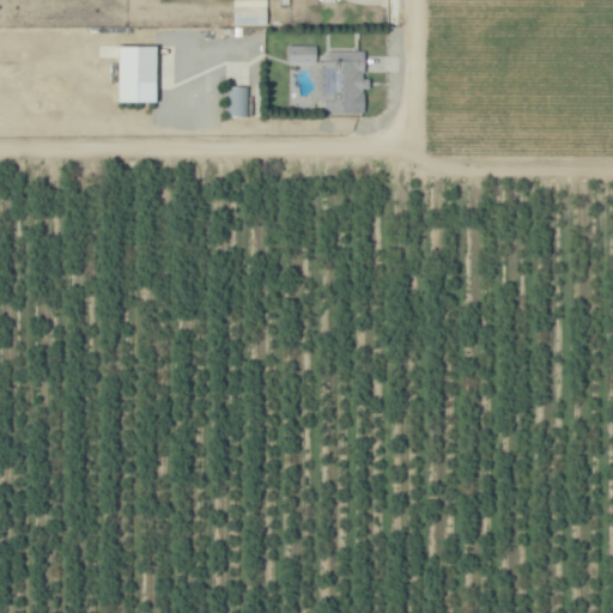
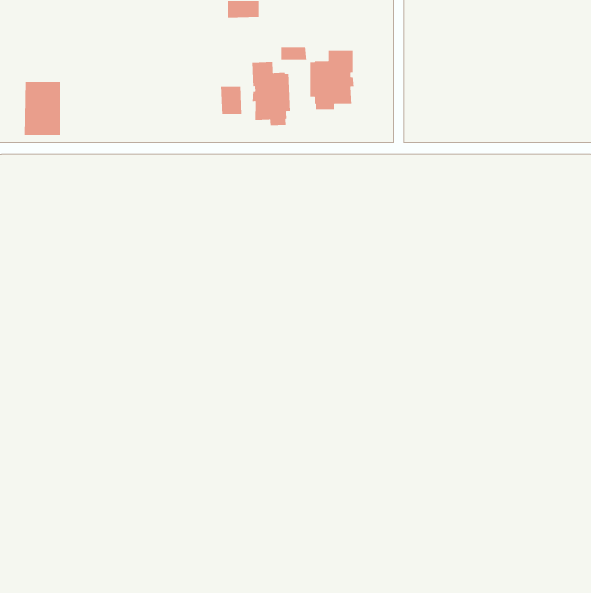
building: [116,45,154,102] -> [24,81,61,136]
building: none -> [251,61,291,126]

